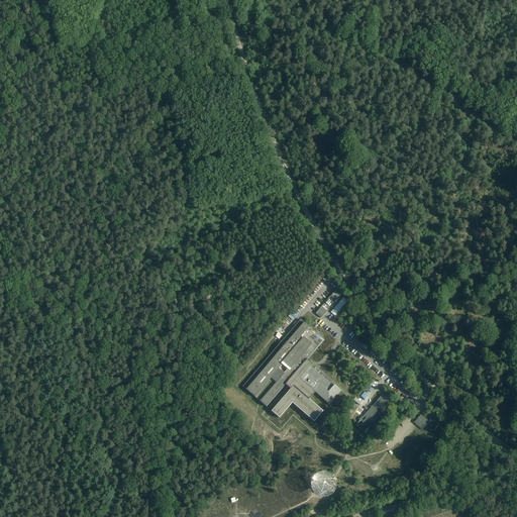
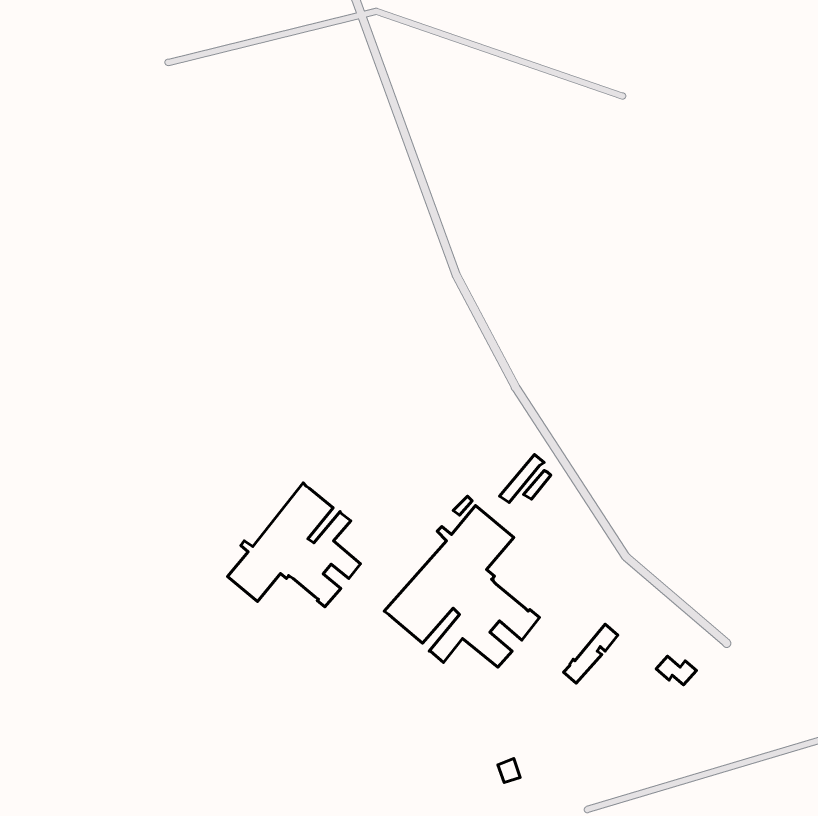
building: none -> [228,483,360,607]

